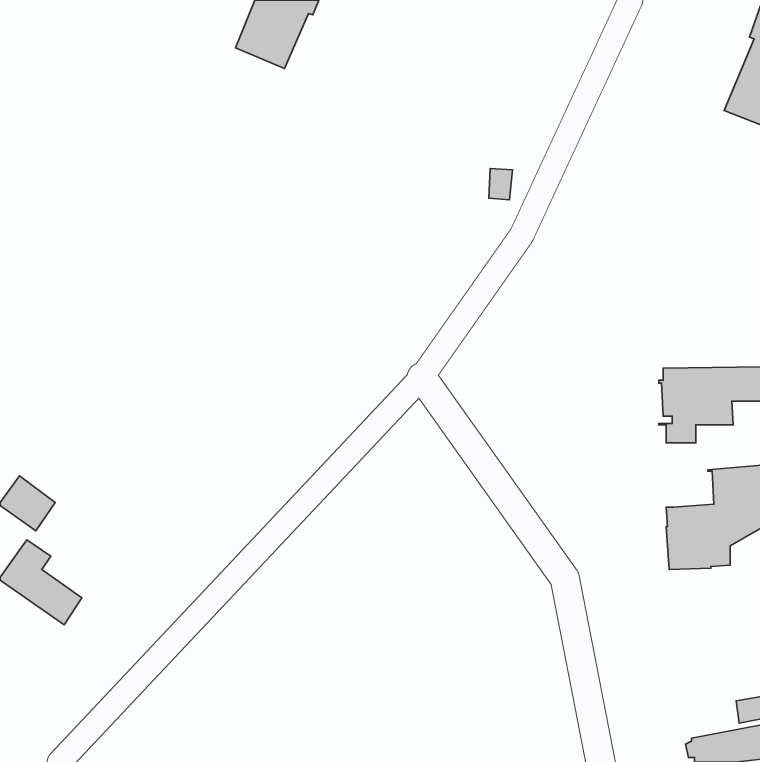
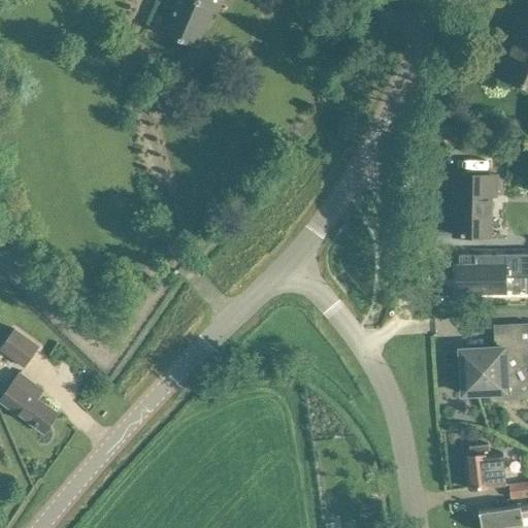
building: none -> [455,175,496,236]
building: none -> [467,443,506,489]

